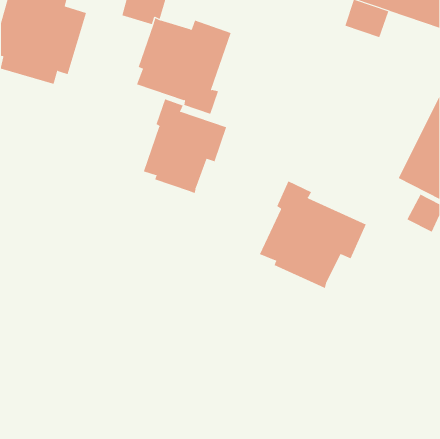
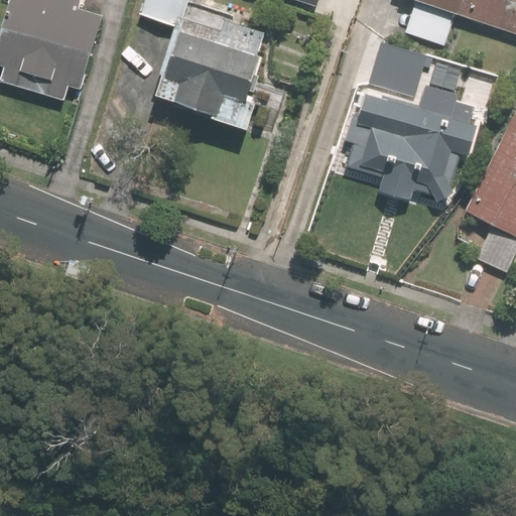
building: none -> [342,42,476,199]
building: [143,98,227,194] -> none
building: [259,181,367,289] -> none

